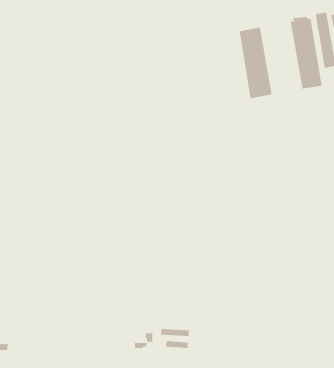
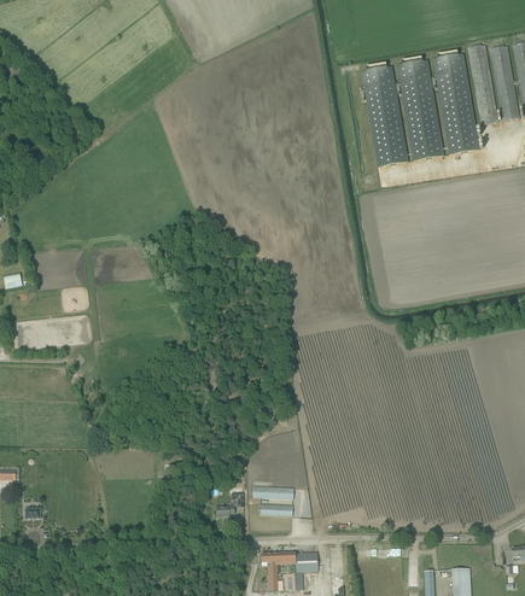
building: none -> [396,57,443,159]

